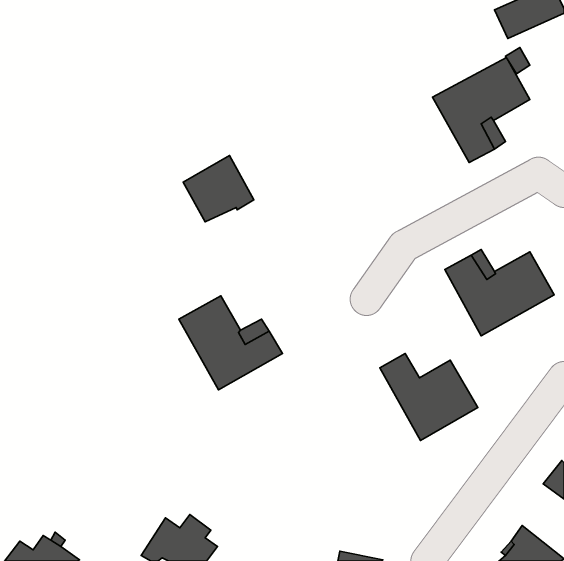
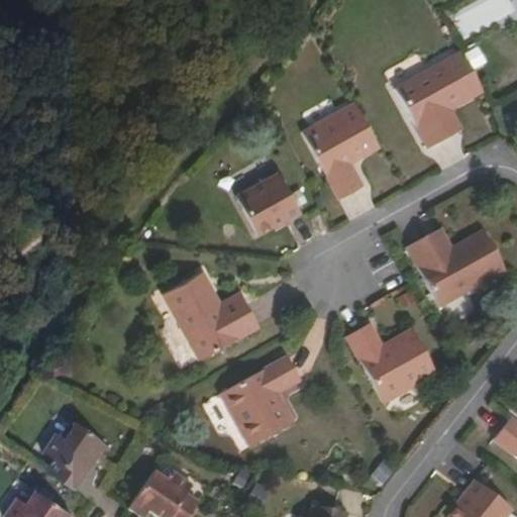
building: none -> [304,101,380,197]
building: [183,156,254,222] -> [236,172,301,232]
building: none -> [222,355,301,445]
building: none -> [43,426,112,491]

